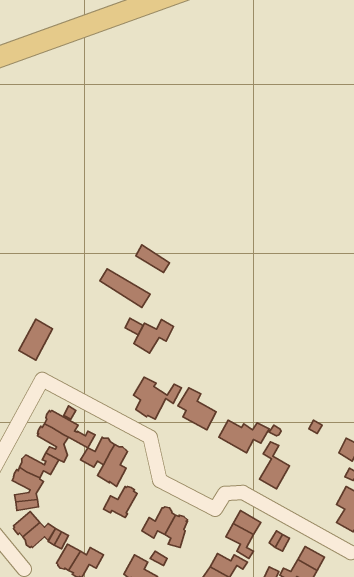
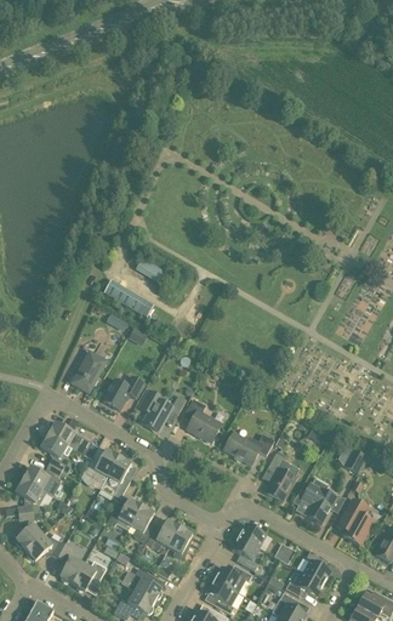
building: [19,319,53,360] -> [70,352,104,393]
building: [134,319,173,353] -> [102,376,142,410]
building: none -> [295,475,335,524]
building: none -> [129,506,153,543]

